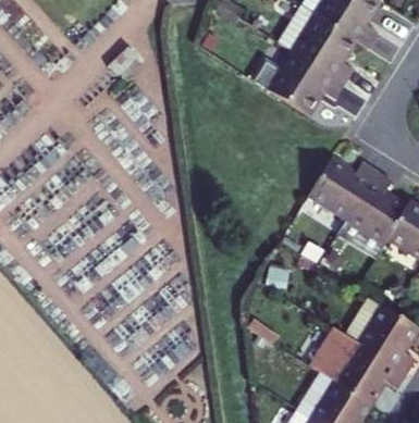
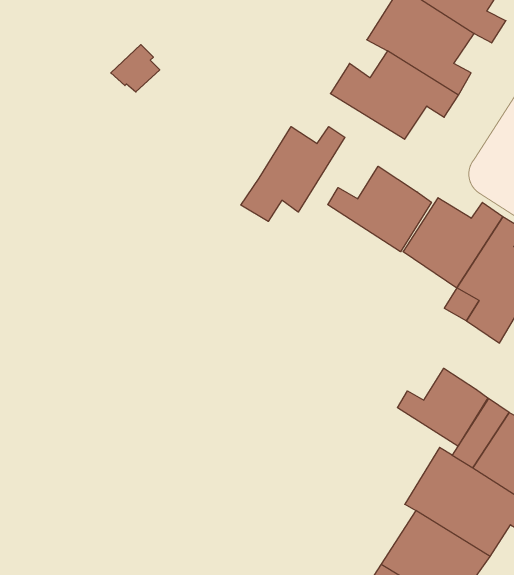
building: none -> [241,127,345,221]
building: none -> [328,166,431,252]
building: none -> [397,368,488,446]

